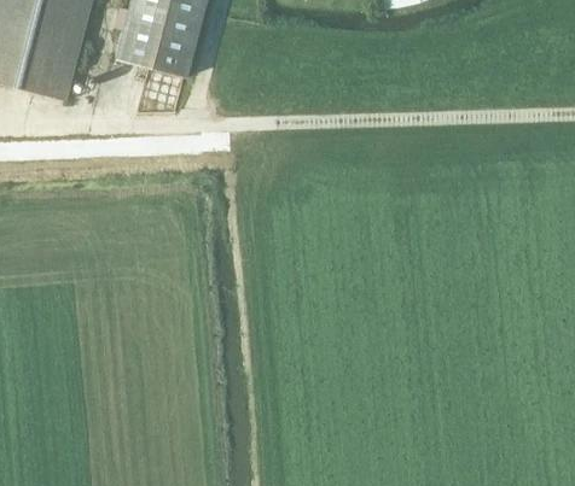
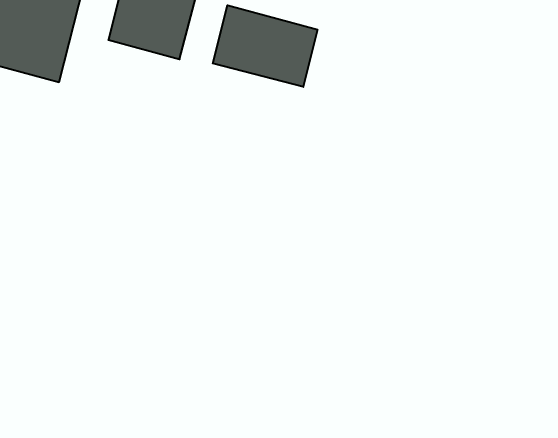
building: none -> [213,5,317,87]

